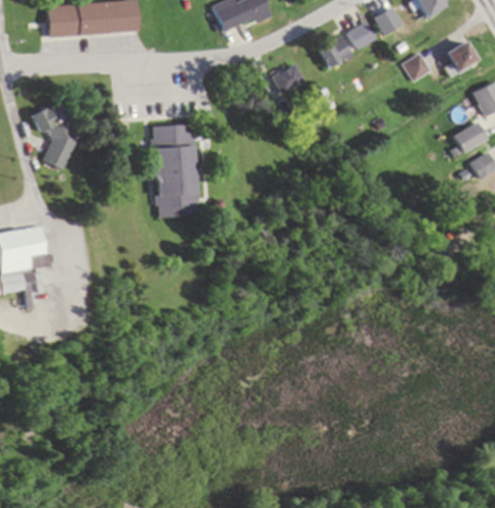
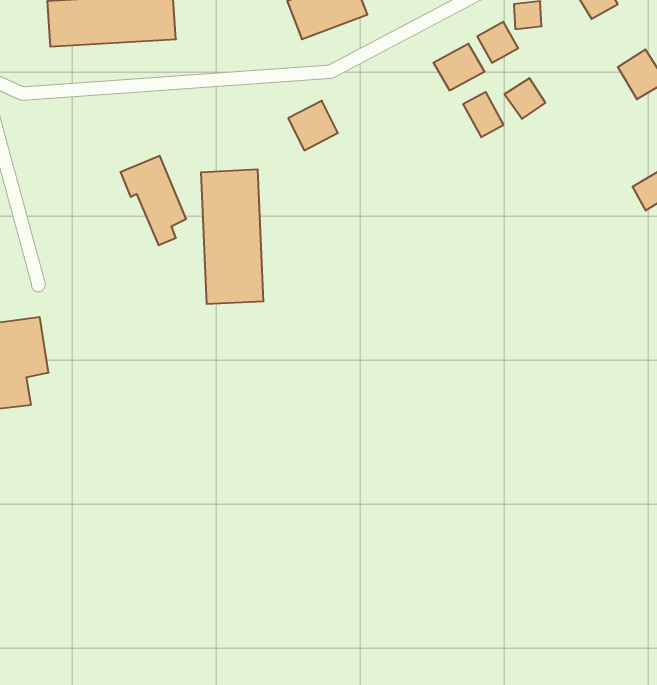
building: [402,53,431,82] -> [504,78,545,119]
building: [271,63,306,98] -> [288,101,338,150]
building: none -> [463,92,503,137]
building: [32,103,77,165] -> [120,156,186,245]

